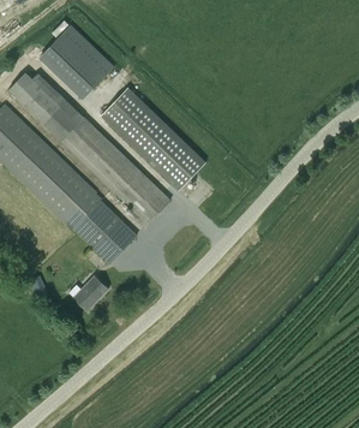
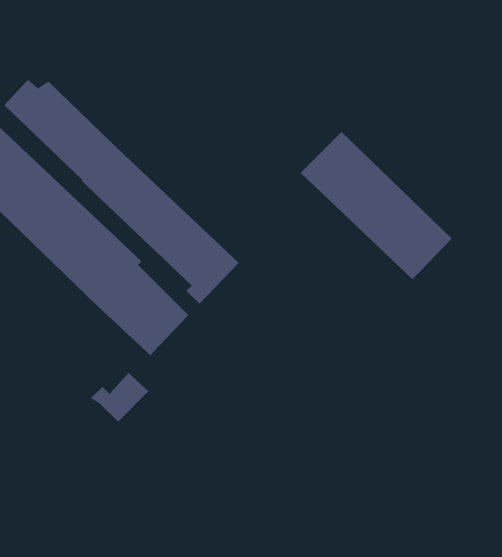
building: [40,25,113,99] -> none
building: [100,87,205,190] -> [300,131,453,280]

